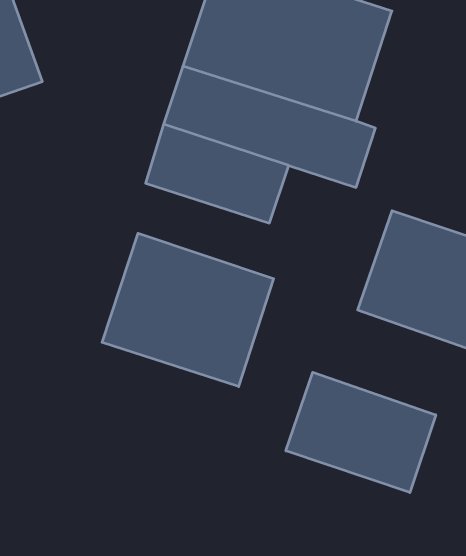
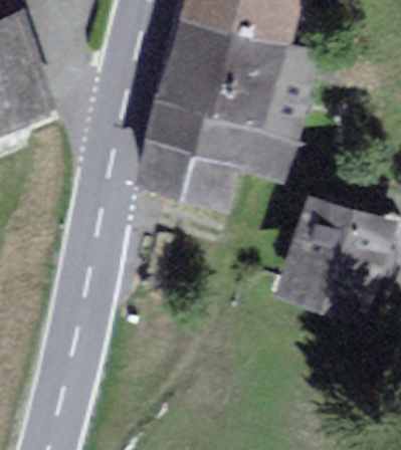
building: [102,233,274,387] -> none
building: [286,372,436,493] -> none

